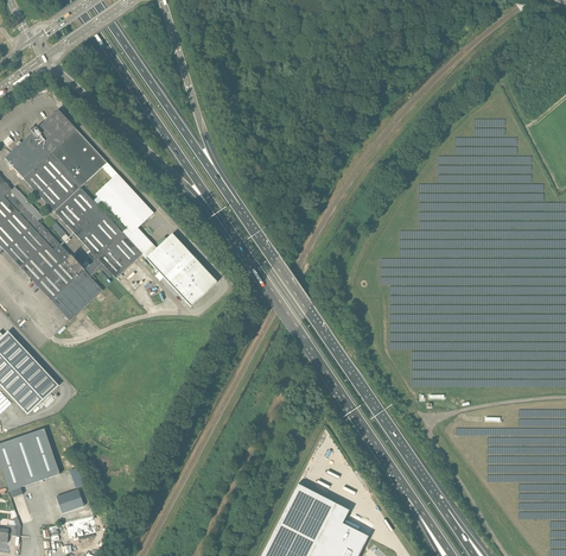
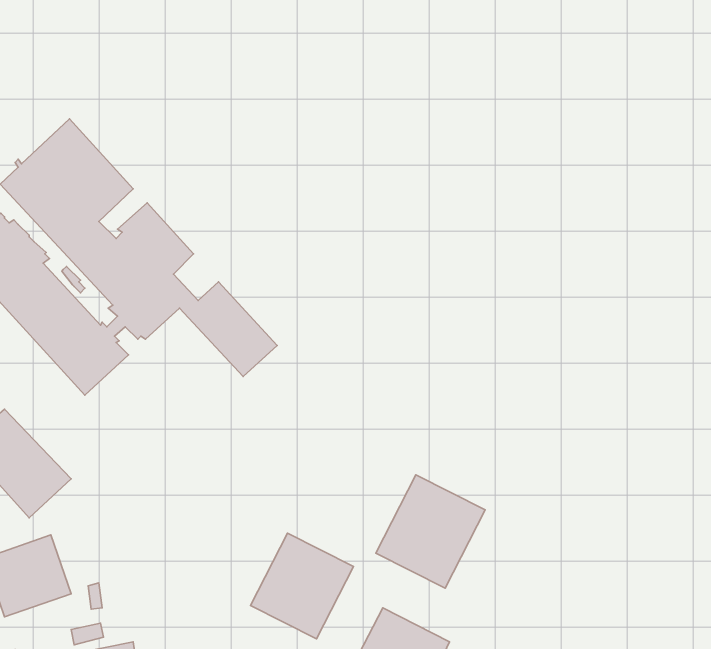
building: none -> [376,475,485,588]
building: none -> [251,533,354,639]

